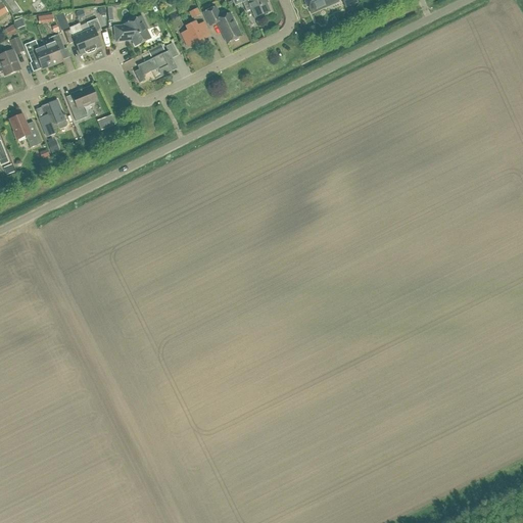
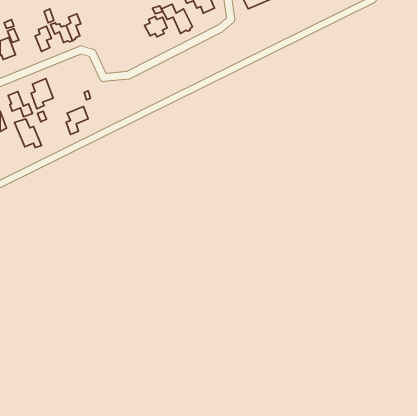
building: [113,14,150,45] -> none
building: [23,39,52,68] -> none
building: [134,42,178,82] -> none
building: [69,85,97,120] -> [66,107,88,134]
building: none -> [15,119,41,148]

